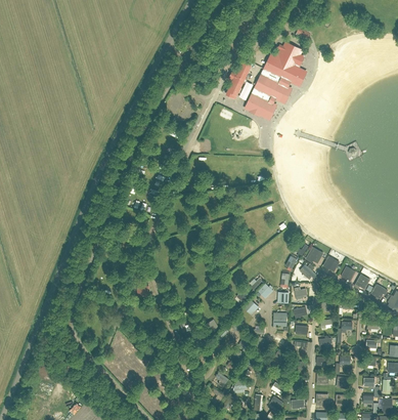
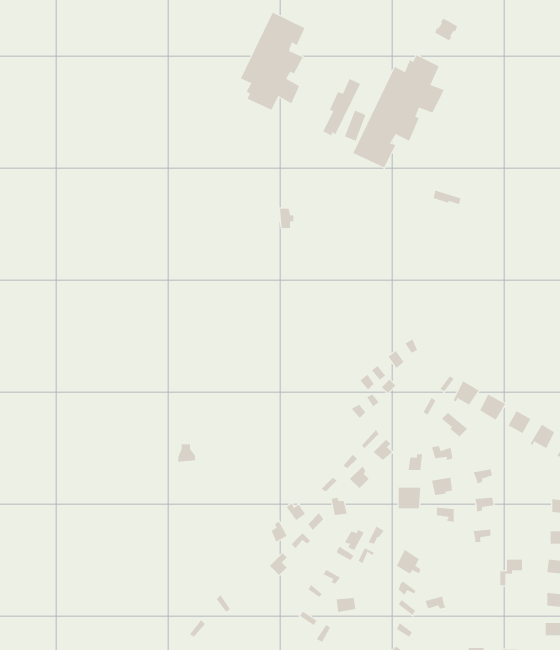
building: none -> [240,12,305,111]

